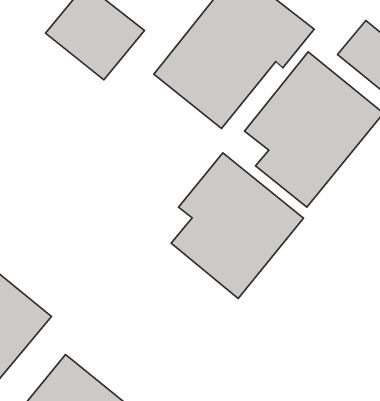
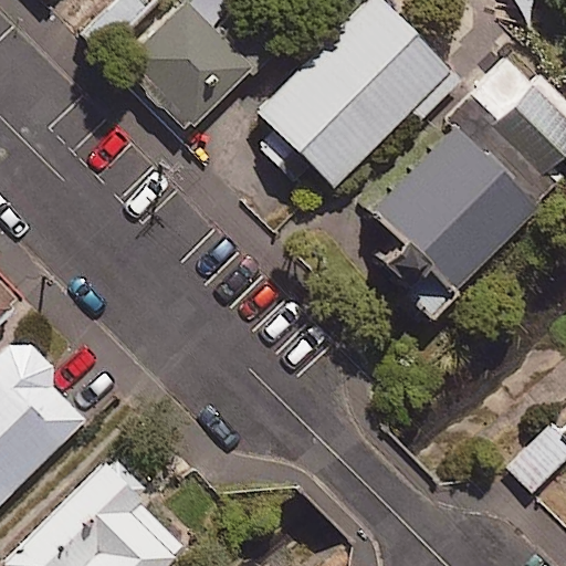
building: [171,153,304,299] -> none

